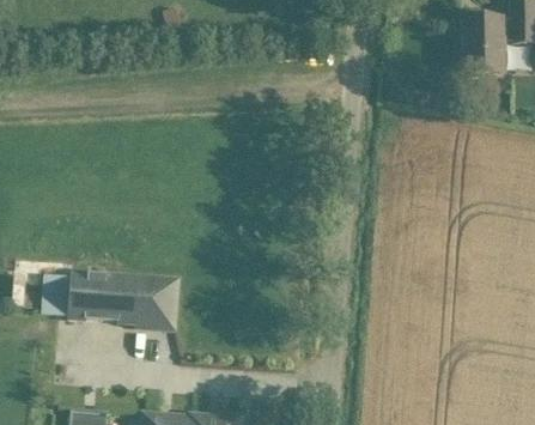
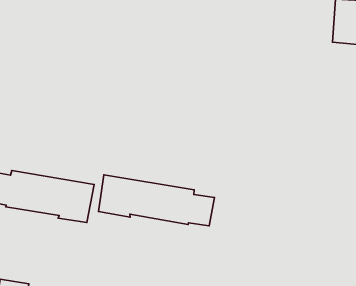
building: none -> [99,175,214,226]

